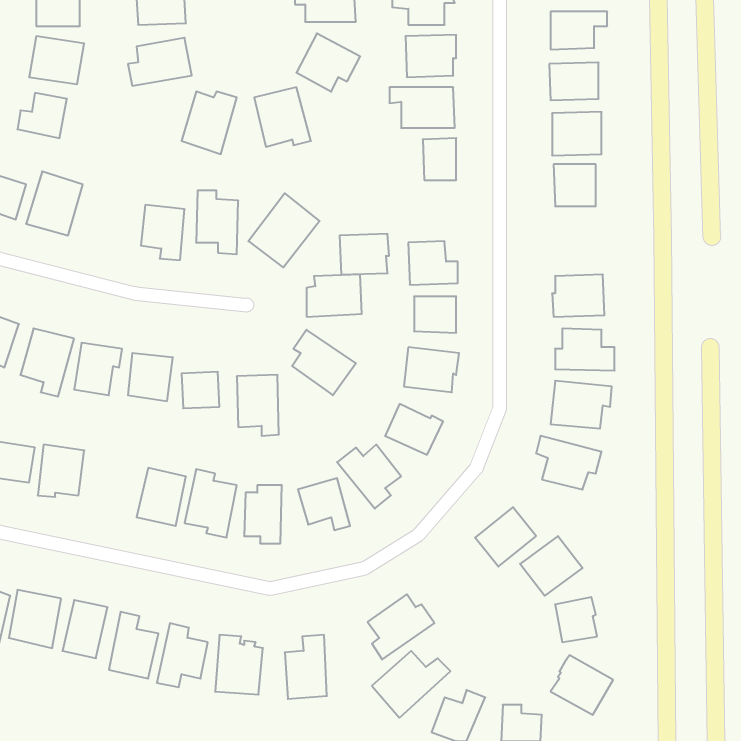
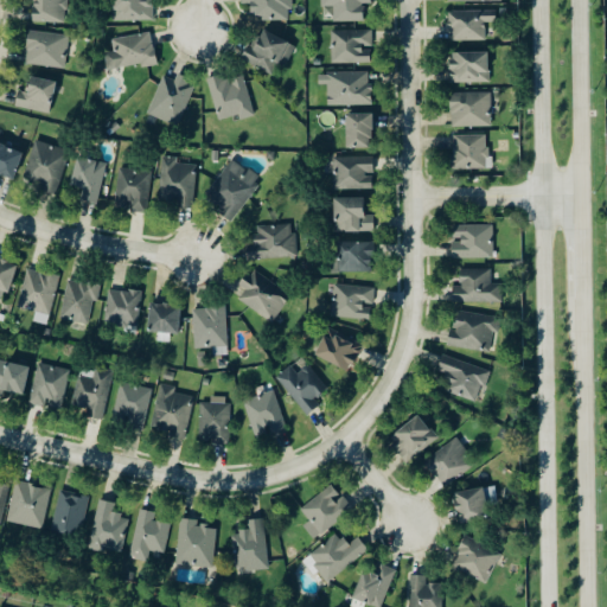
building: none -> [70,158,106,203]
building: [340,234,389,275] -> [333,155,373,189]
building: none -> [71,368,111,420]

